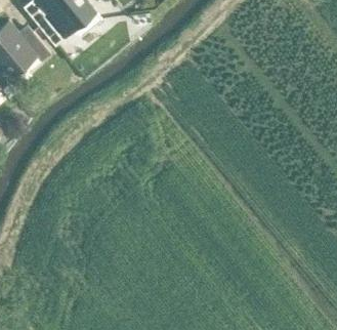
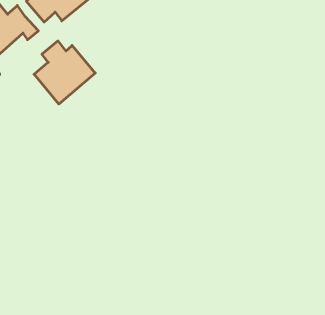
building: none -> [34,41,95,104]

